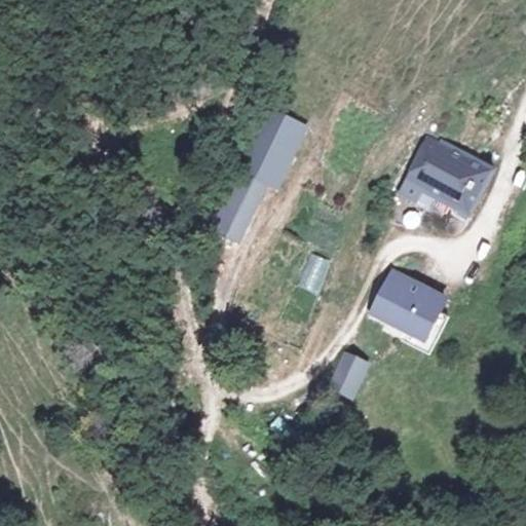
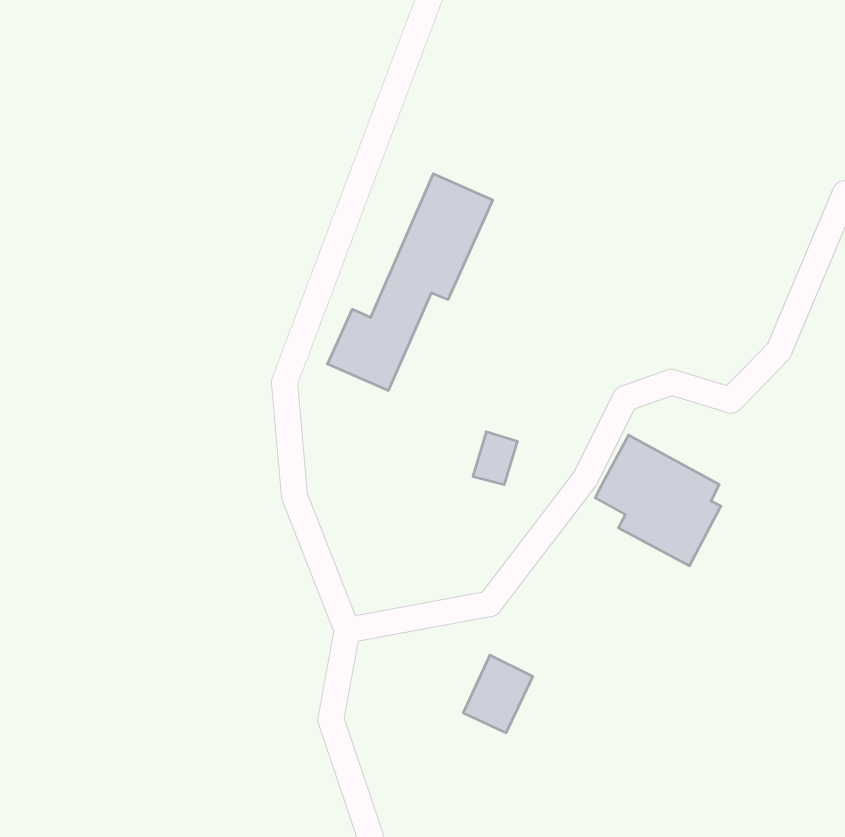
building: [402,139,493,210] -> none
building: [328,350,371,399] -> [463,655,533,733]

